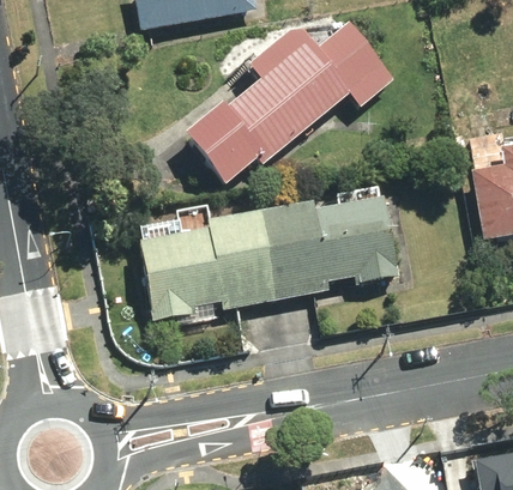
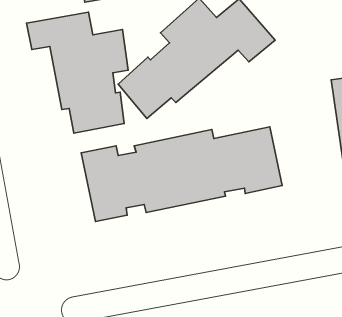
building: none -> [26,12,128,133]

